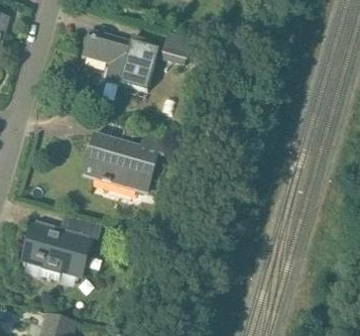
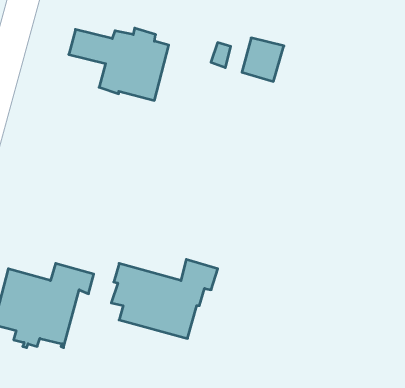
building: [159,31,192,65] -> [242,38,284,81]
building: [87,130,168,191] -> [111,259,218,338]

